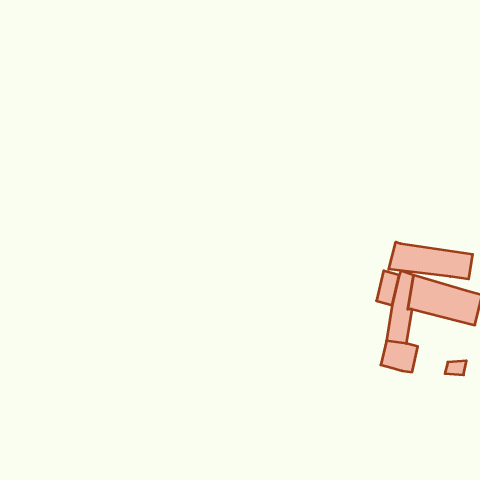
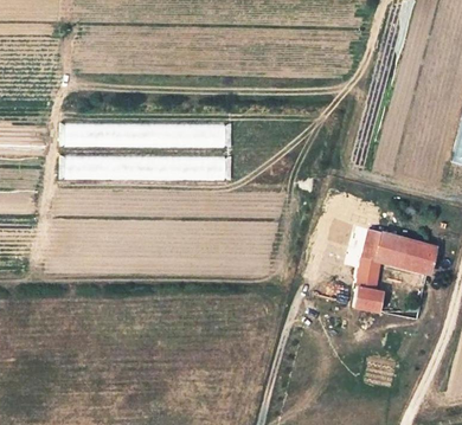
building: [389,242,473,279] -> none

